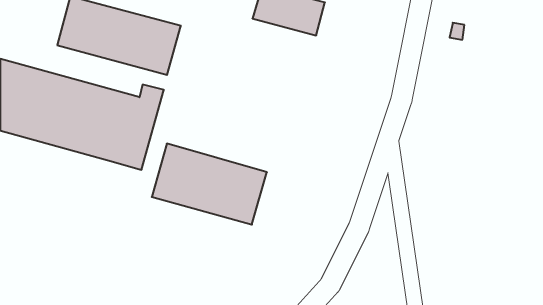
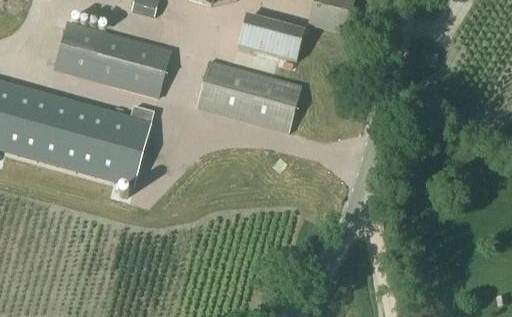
building: [152,144,267,225] -> [195,58,303,134]

